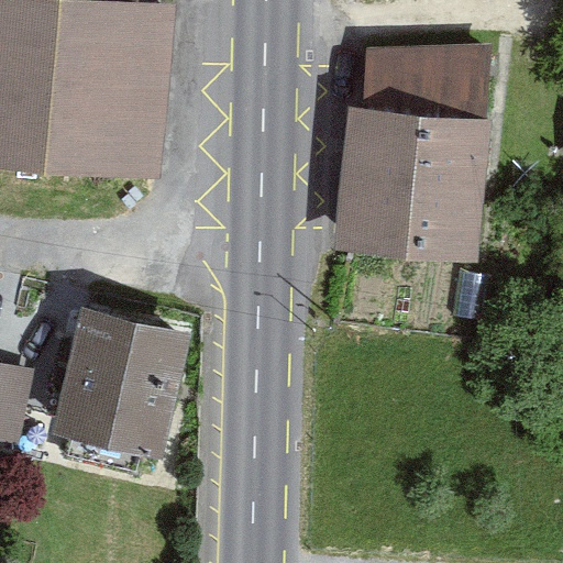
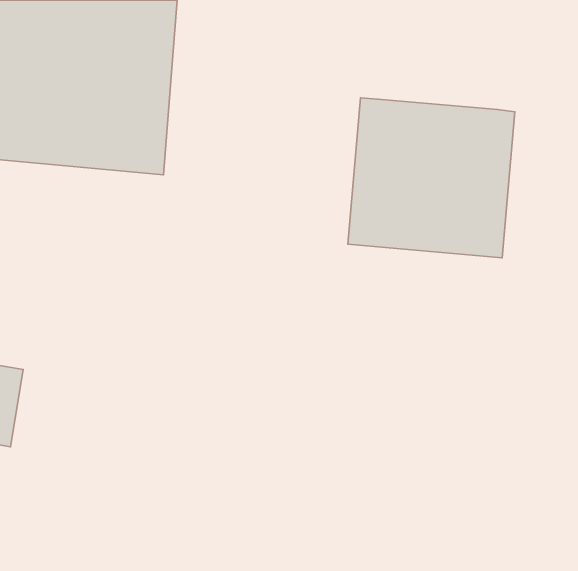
building: [361,46,476,121] -> none
building: [52,307,187,454] -> none

